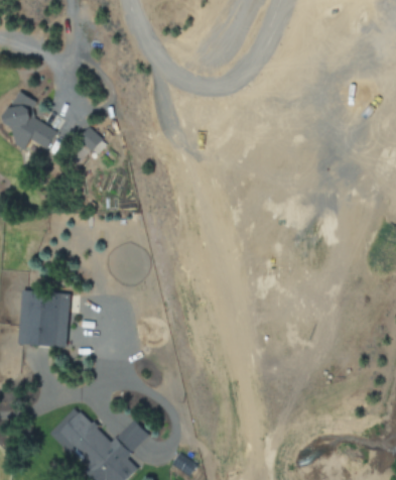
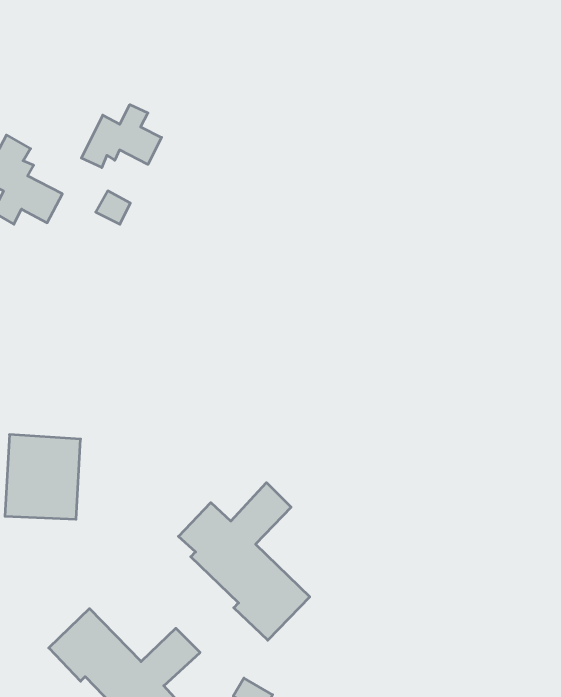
building: none -> [81,105,162,168]
building: none -> [178,483,310,640]

